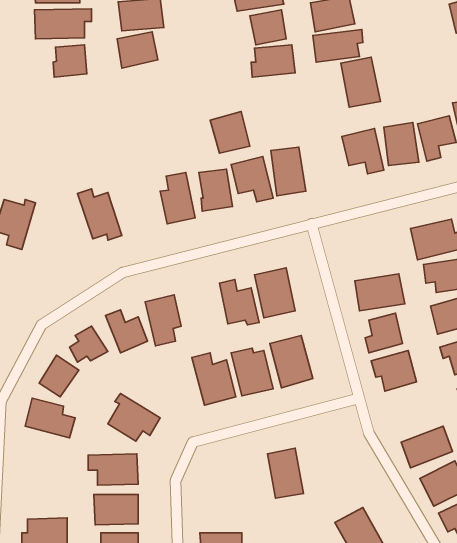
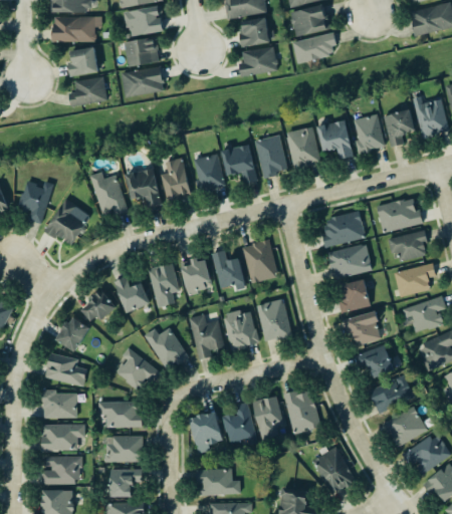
building: [341,57,381,107] -> [286,126,320,170]
building: none -> [121,65,165,98]
building: none -> [69,77,106,105]
building: [210,112,250,153] -> none
building: none -> [126,168,162,207]
building: none -> [43,198,91,244]
building: none -> [321,211,365,247]
building: none -> [181,259,212,293]
building: none -> [144,327,188,370]
building: none -> [354,344,394,378]
building: none -> [42,390,76,418]
building: none -> [283,391,319,434]
building: none -> [222,402,257,445]
building: none -> [189,412,223,454]
building: none -> [41,424,84,450]

